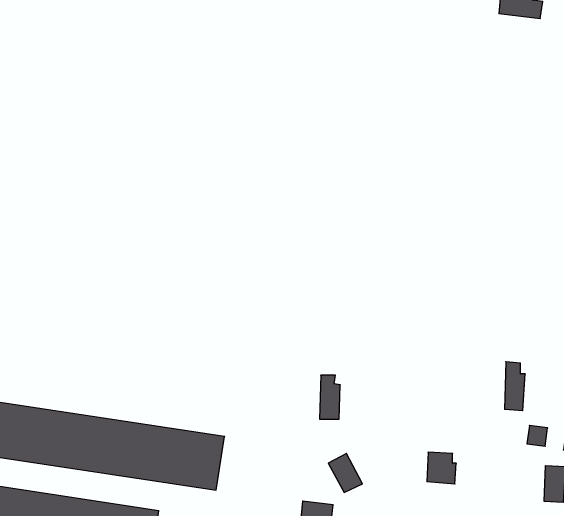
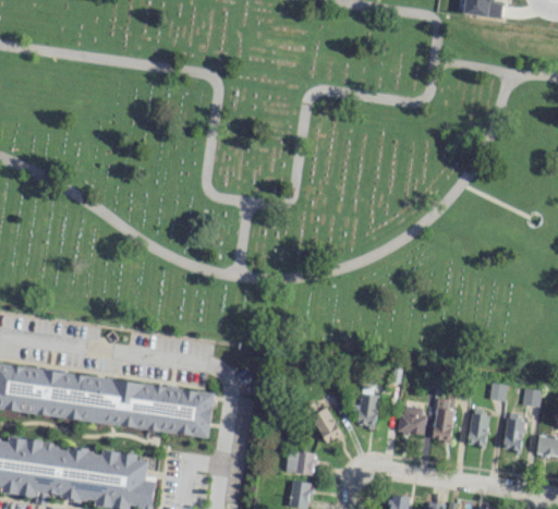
building: [505,362,525,411] -> [434,398,452,441]
building: [320,375,340,419] -> [359,387,377,426]
building: none -> [468,411,488,447]

